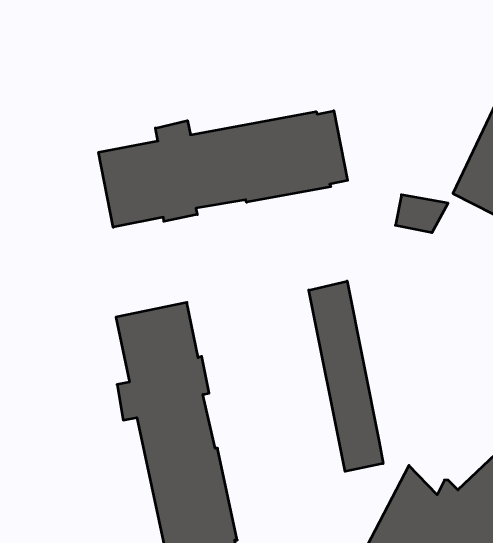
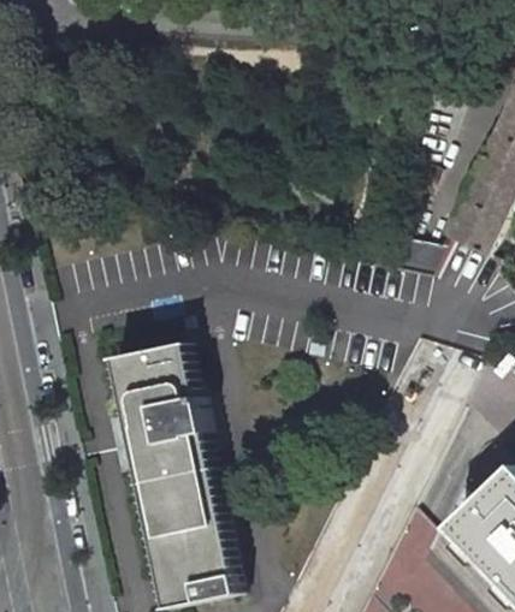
building: [99,111,348,227] -> none
building: [309,281,383,471] -> none

